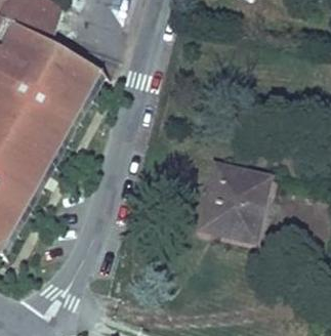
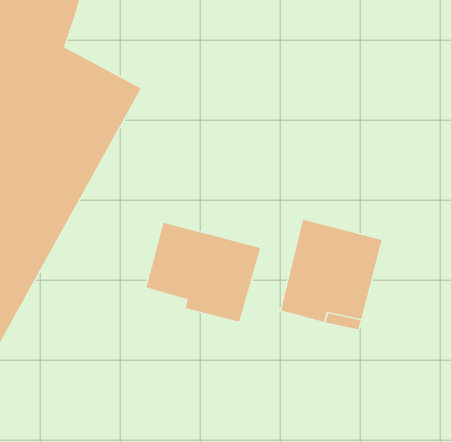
building: none -> [146,222,261,322]

